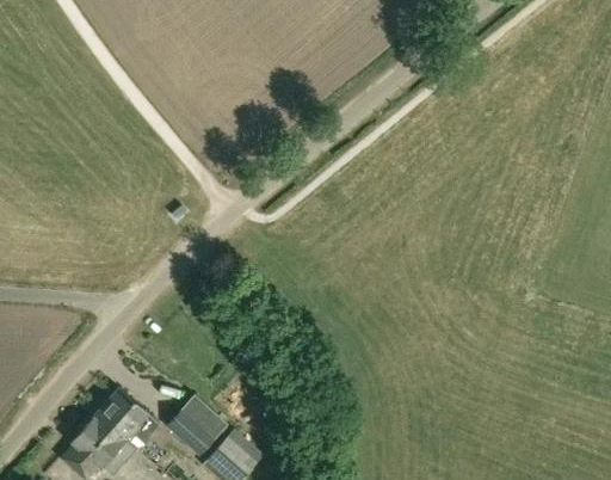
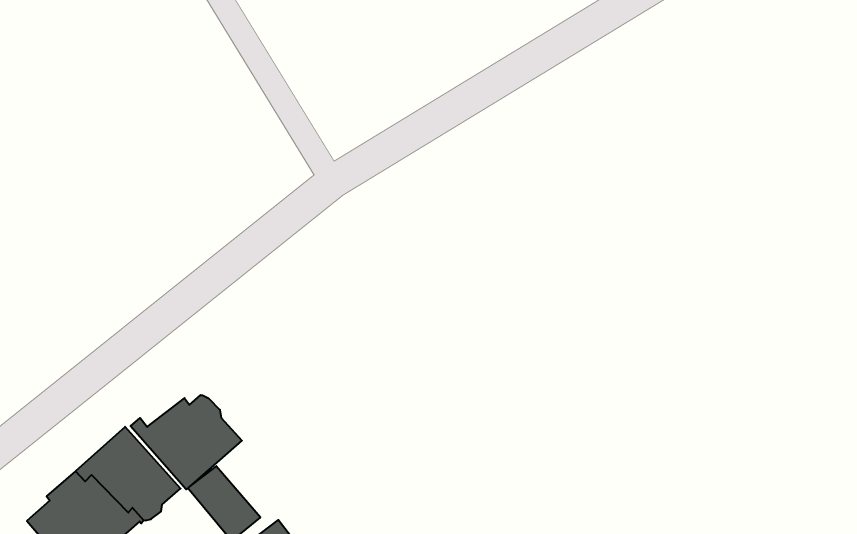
building: none -> [131,395,242,489]

